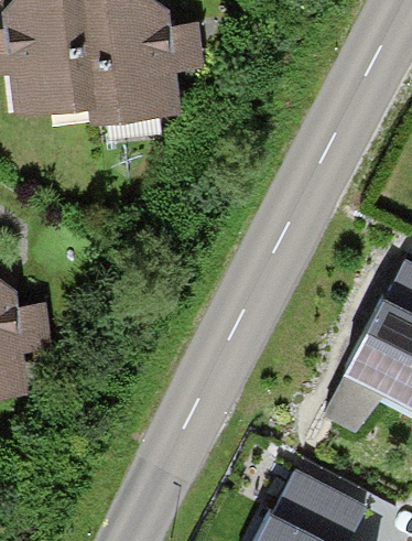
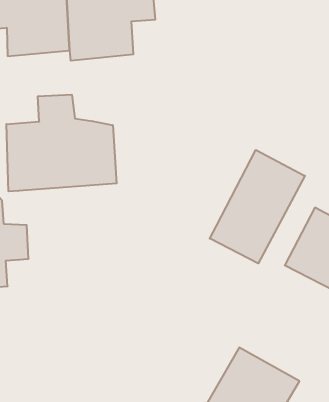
building: none -> [6,95,117,191]
building: none -> [210,150,305,263]

